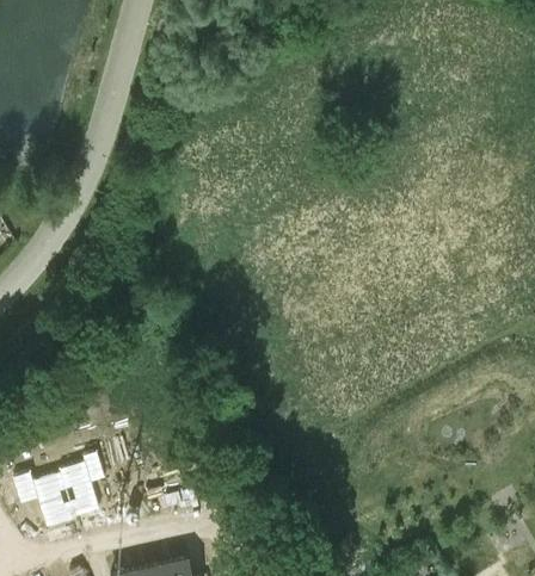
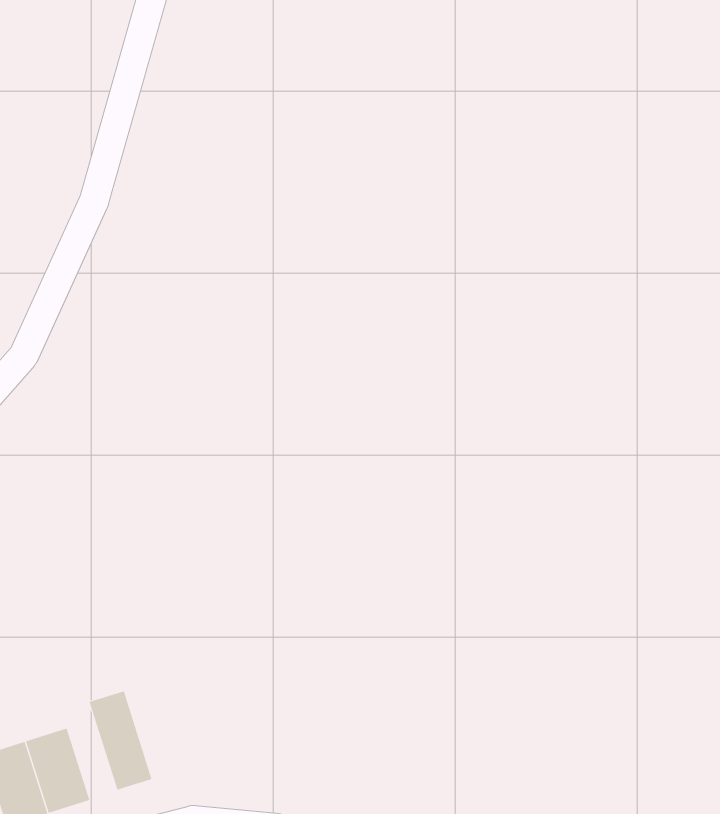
building: none -> [89,690,152,791]

